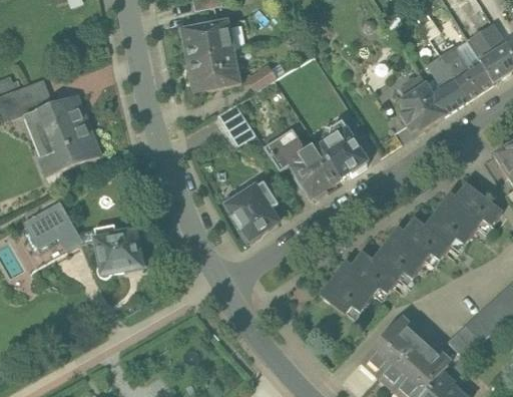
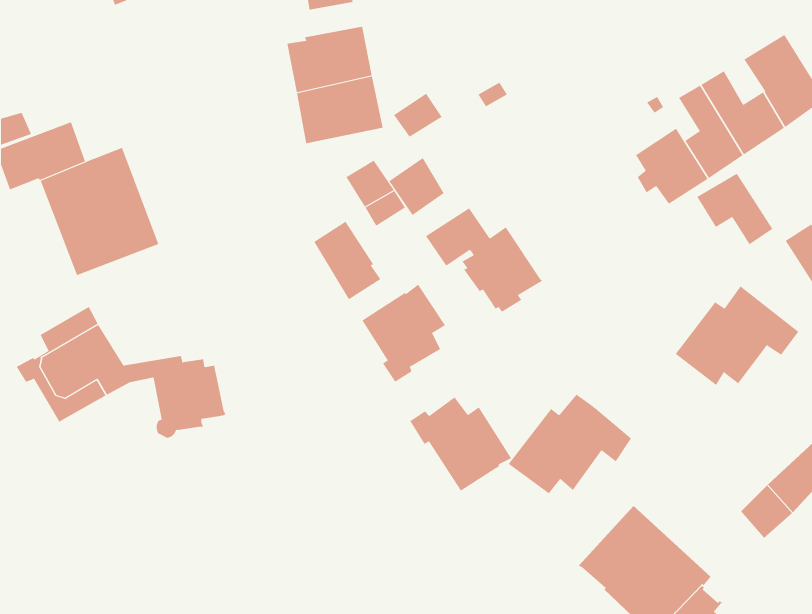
building: none -> [388,157,445,216]
building: none -> [696,173,773,245]
building: [319,130,369,177] -> none
building: none -> [313,221,381,300]
building: [374,217,451,278] -> none
building: none -> [409,396,512,492]
building: [448,324,480,356] -> none

